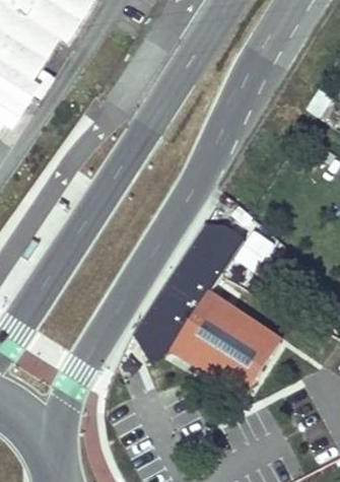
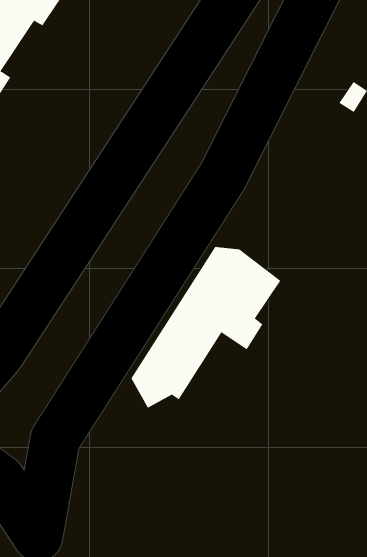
building: [177,295,285,398] -> none

